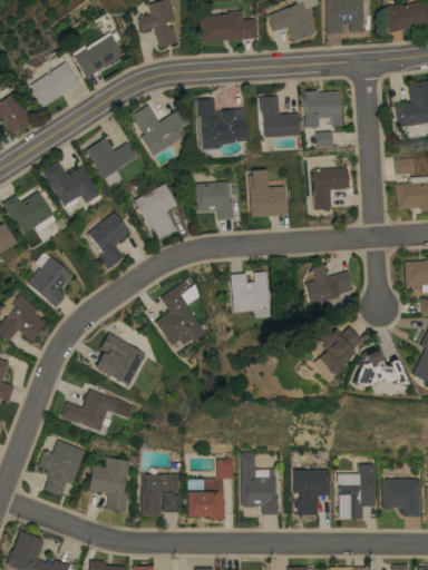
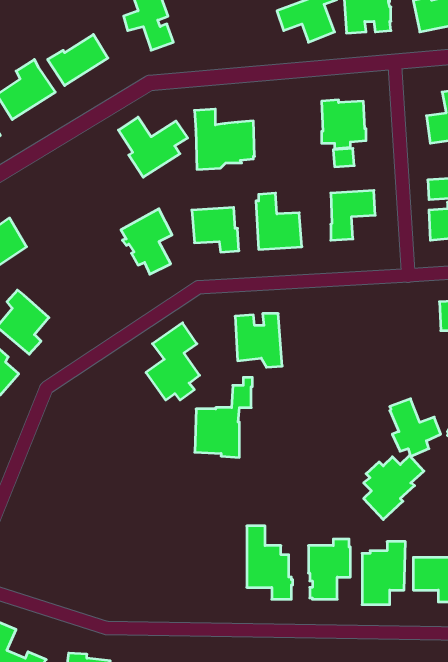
building: [197,10,257,41] -> none
building: [259,96,300,137] -> none
building: [85,137,137,186] -> none
building: [41,160,100,212] -> none
building: [88,212,130,268] -> none
building: [304,264,354,305] -> none
building: [310,326,361,381] -> [364,455,424,520]
building: [90,333,147,386] -> none
building: [60,389,125,431] -> none
building: [37,440,84,494] -> none
building: [186,452,235,520] -> [195,377,252,457]
building: [88,456,130,511] -> none
building: [142,473,179,514] -> none

